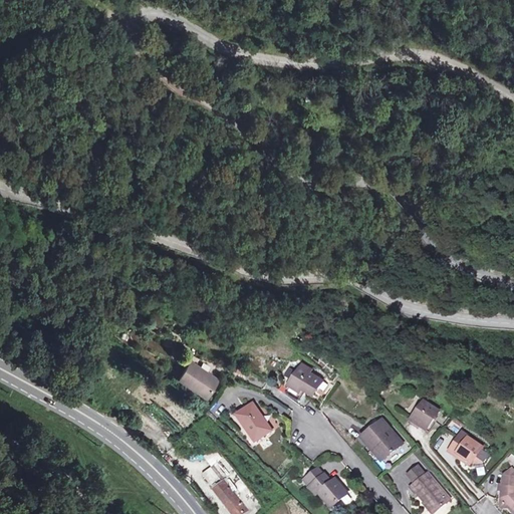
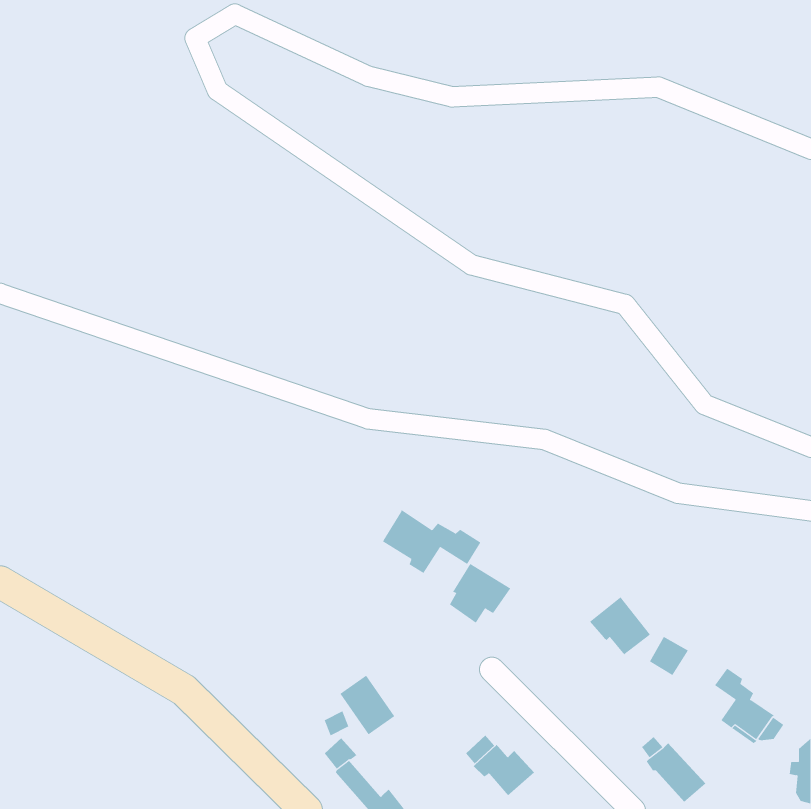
building: none -> [381,509,481,574]
building: [180,361,219,398] -> none
building: [241,406,276,444] -> [340,675,395,735]
building: [362,425,402,462] -> [589,597,651,655]

